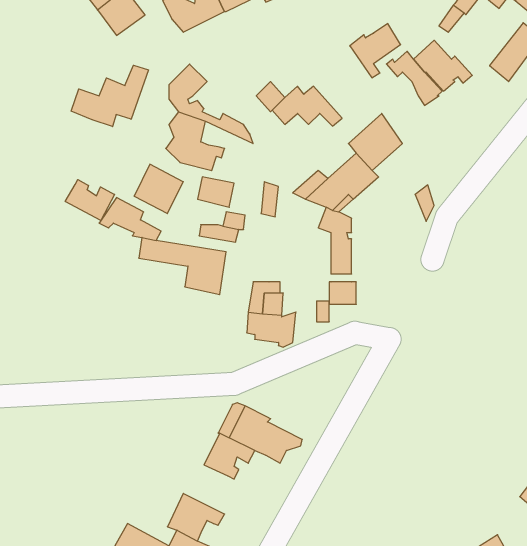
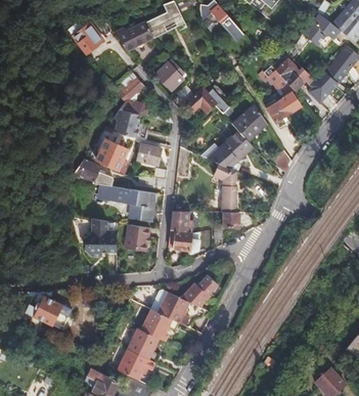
building: [350,24,401,78] -> [267,92,300,127]
building: none -> [155,59,184,90]
building: none -> [307,70,336,103]
building: [71,65,148,127] -> none
building: [65,180,115,220] -> none
building: none -> [84,218,116,256]
building: none -> [124,224,149,252]
building: none -> [181,276,216,307]
building: none -> [26,294,72,328]
building: none -> [127,327,156,361]

